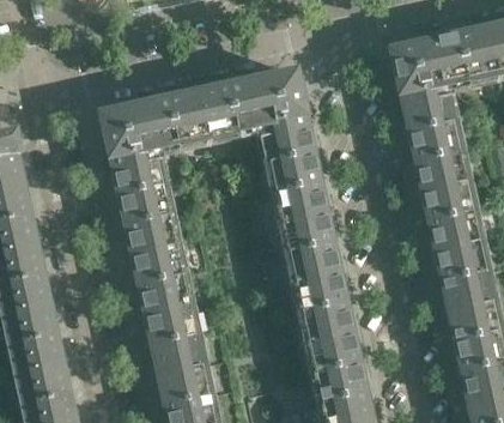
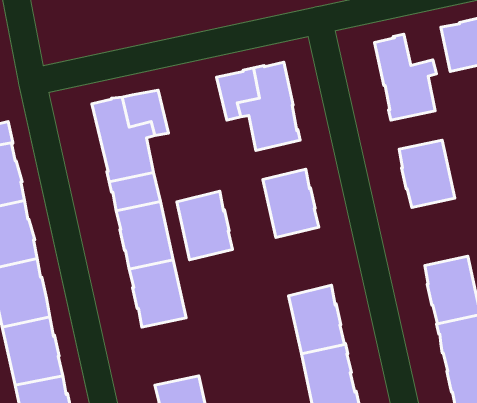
building: [420,31,468,79] -> none
building: [168,83,238,140] -> none
building: [407,117,460,157] -> none
building: [268,147,320,188] -> none
building: [429,207,486,277] -> none
building: [289,237,346,308] -> [177,191,233,260]
building: [151,331,210,400] -> none

